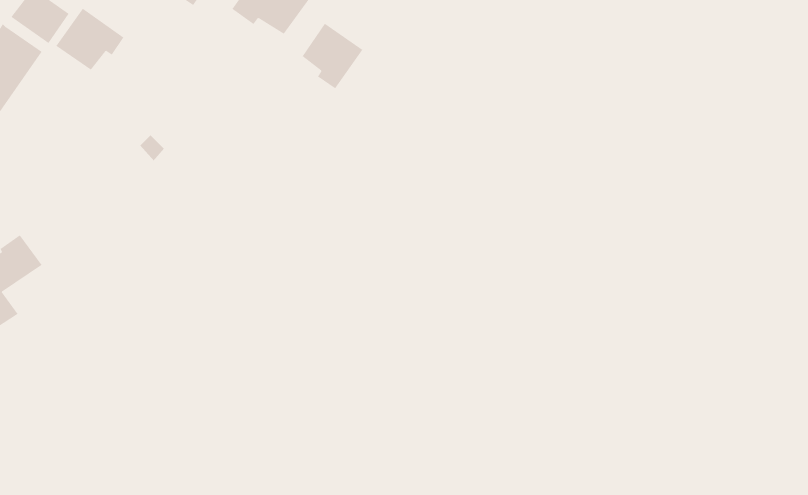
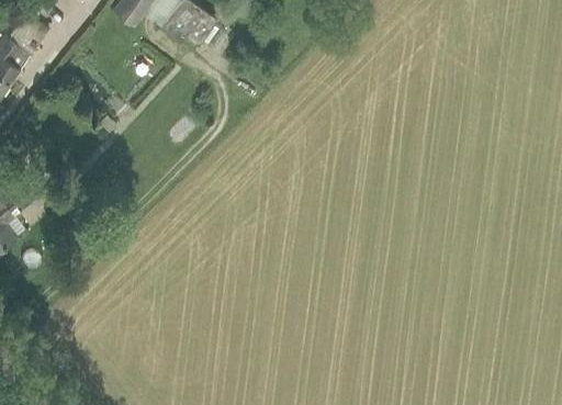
building: [56,8,124,70] -> none
building: [302,23,363,89] -> none

